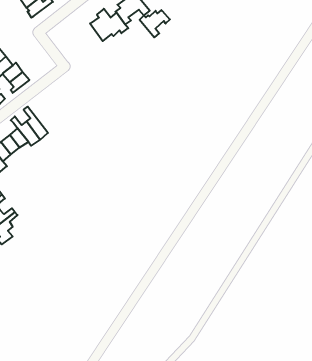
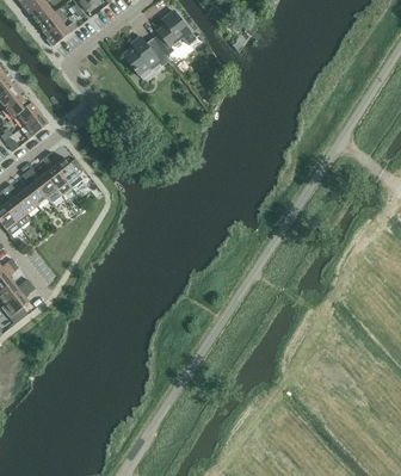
building: [140,10,170,37] -> none
building: none -> [47,152,85,187]

